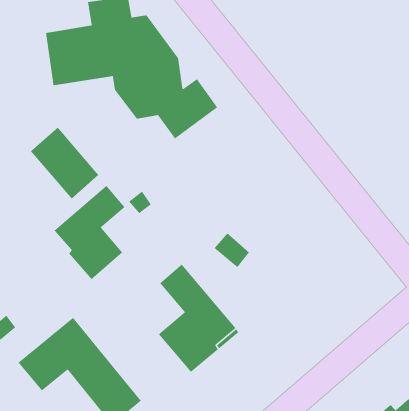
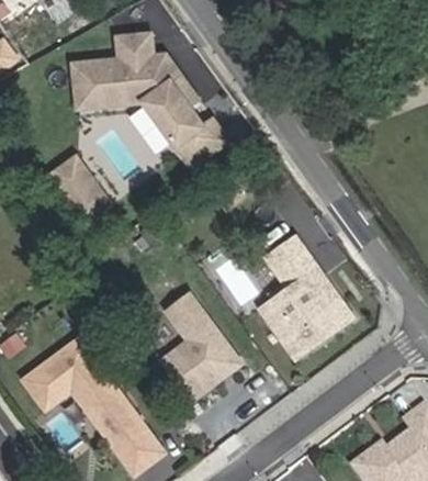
building: [54,185,125,280] -> none
building: none -> [258,235,352,358]

